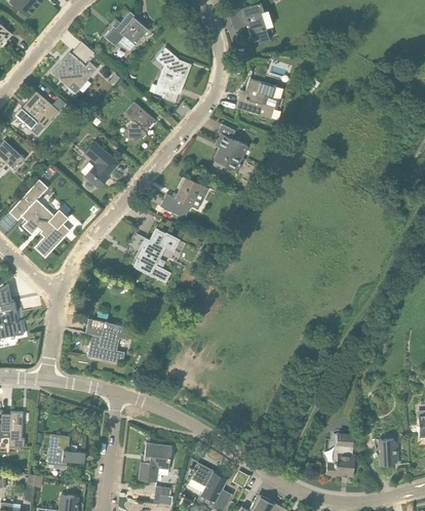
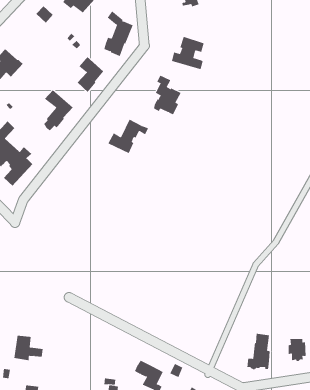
building: [51,53,96,88] -> none
building: [133,229,180,283] -> none
building: [85,318,127,364] -> none
building: [138,443,170,482] -> none

